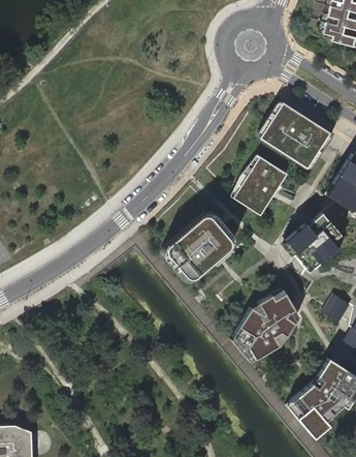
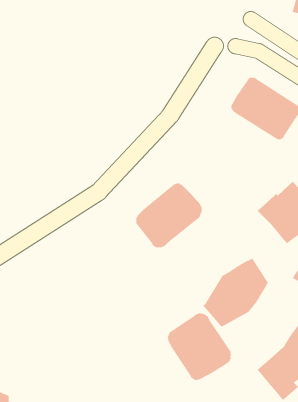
building: [233,153,290,214] -> none
building: none -> [167,313,232,381]

